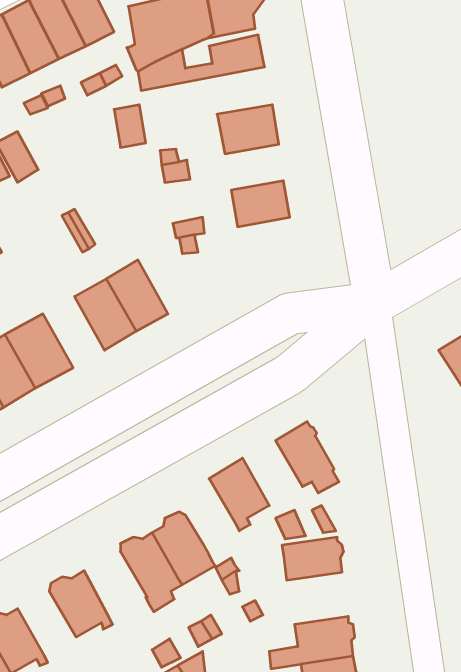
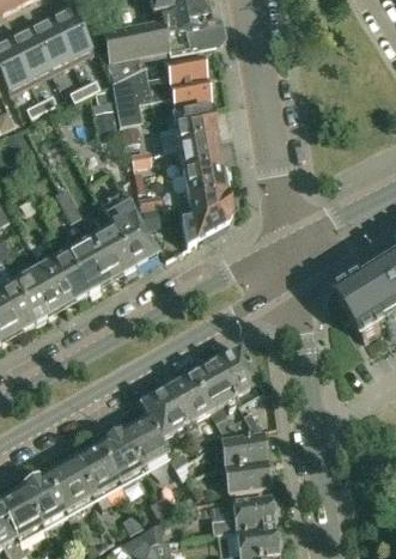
building: none -> [114,78,212,126]
building: none -> [177,136,221,171]
building: none -> [102,190,157,265]
building: none -> [178,192,232,245]
building: none -> [39,251,86,305]
building: none -> [190,360,238,409]
building: none -> [140,389,188,438]
building: none -> [74,440,120,497]
building: none -> [224,460,272,491]
building: none -> [20,472,65,528]

